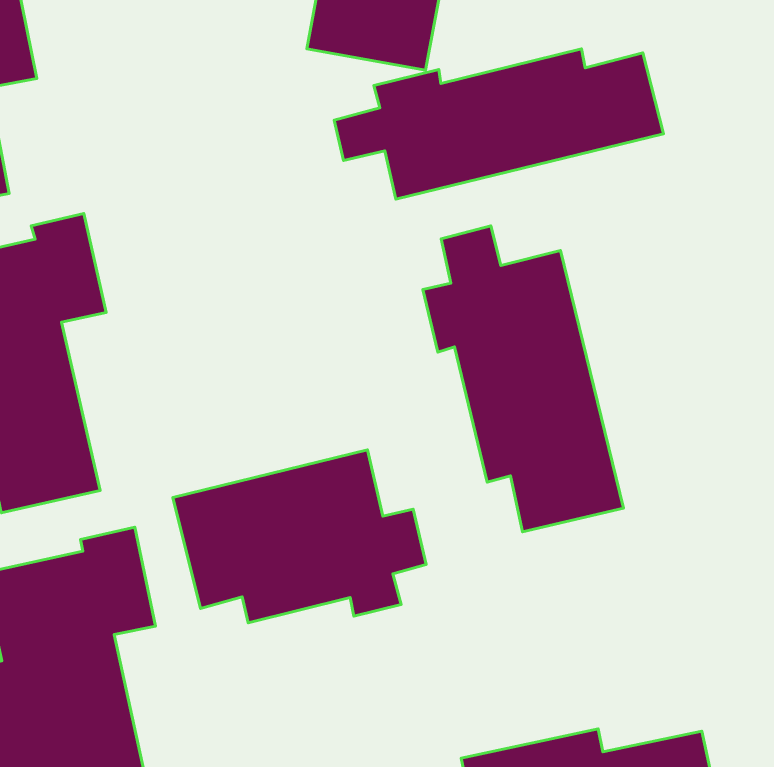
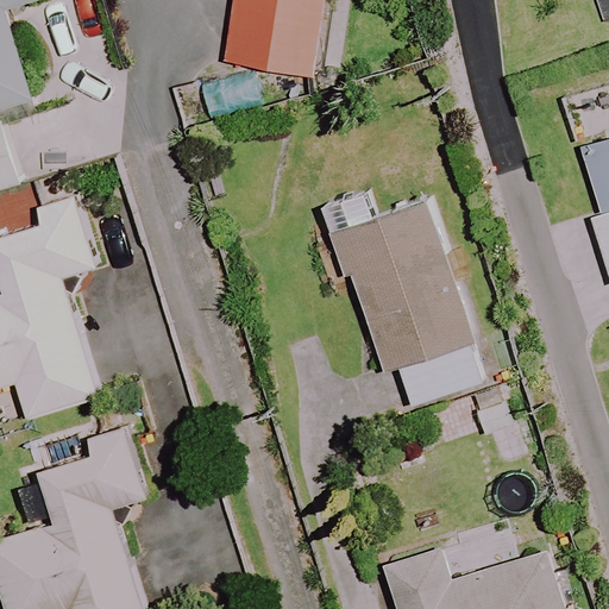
building: [334,49,664,199] -> none
building: [173,450,426,623] -> none

